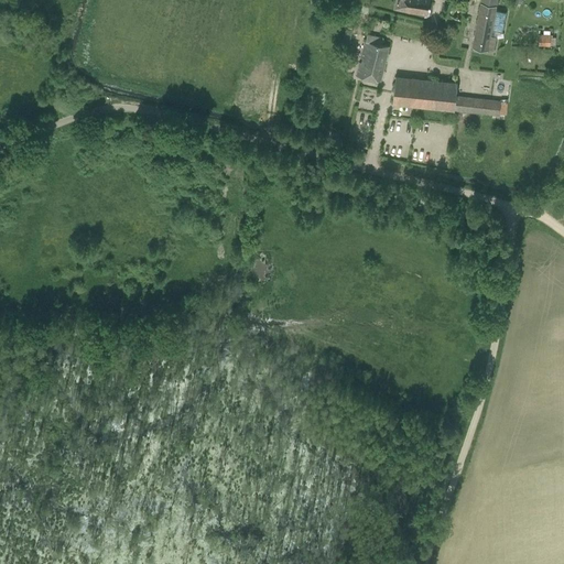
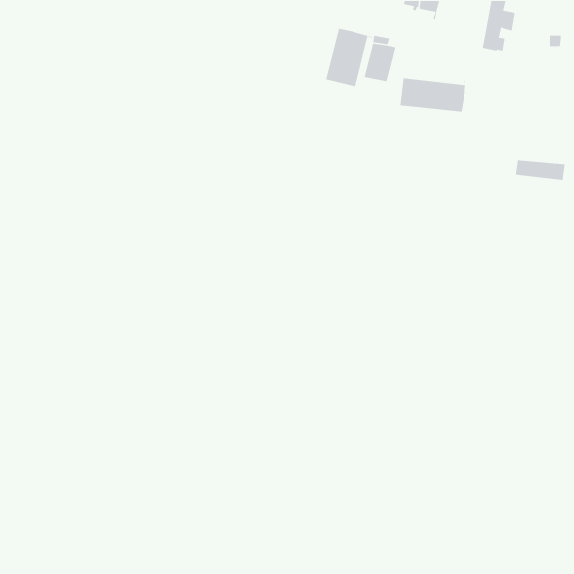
building: none -> [325,28,373,87]
building: [453,96,502,117] -> [515,159,565,181]

